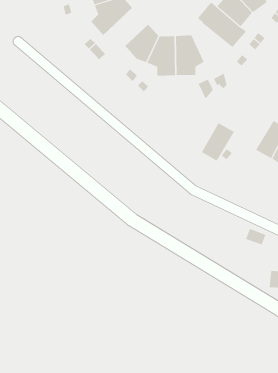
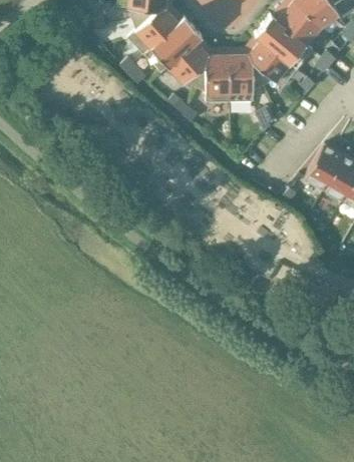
building: none -> [145,14,205,70]
building: none -> [251,37,300,85]
building: [201,123,235,161] -> [307,141,347,187]

